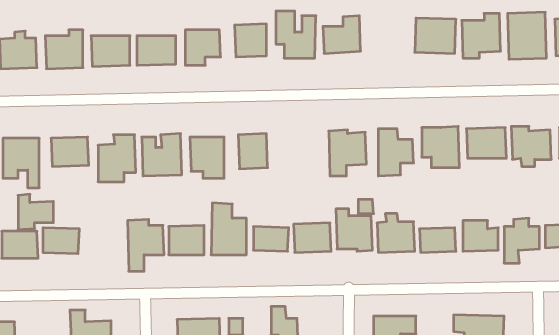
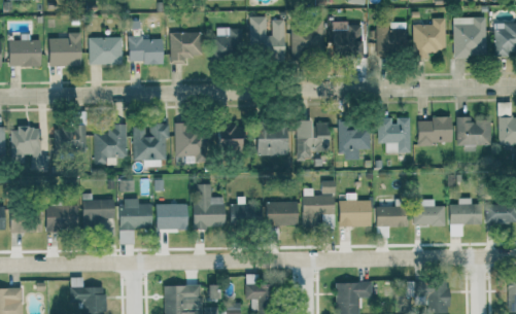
building: none -> [333,24,363,56]
building: none -> [257,125,287,155]
building: [18,194,53,230] -> [83,193,114,223]

